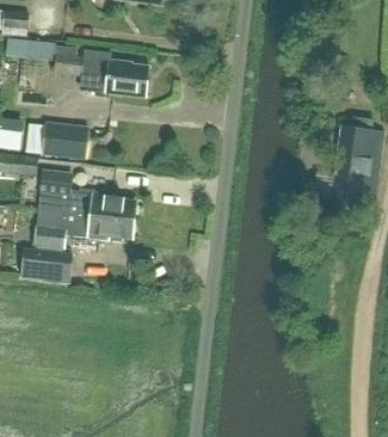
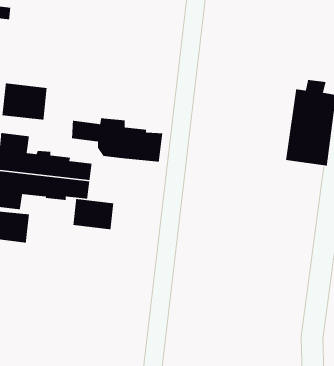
building: [54,50,147,96] -> [71,117,163,162]
building: none -> [72,198,114,230]

